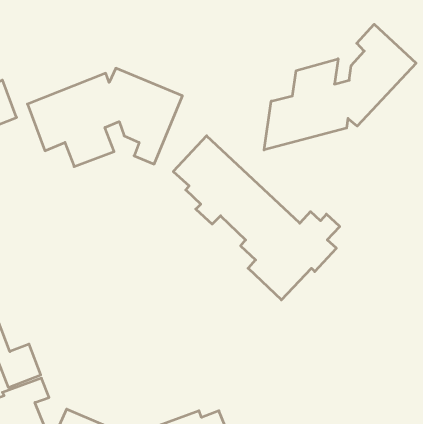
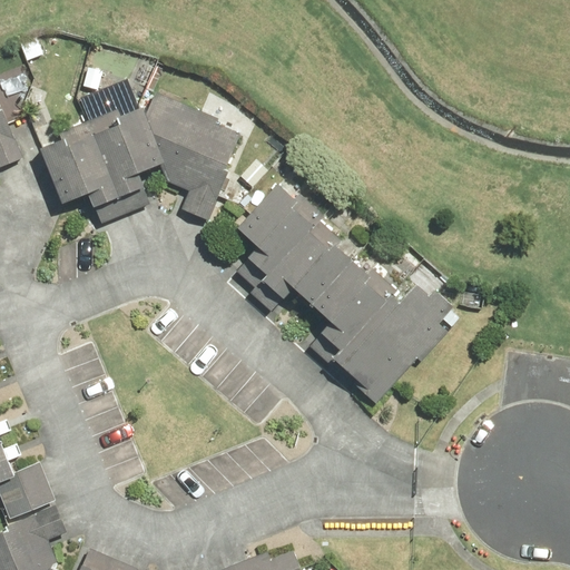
building: [264,24,416,150] -> none

